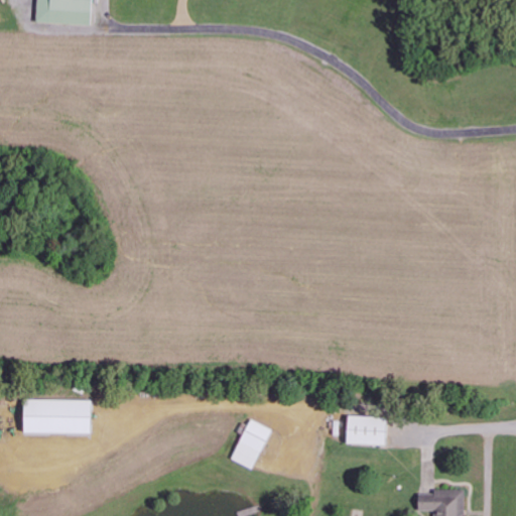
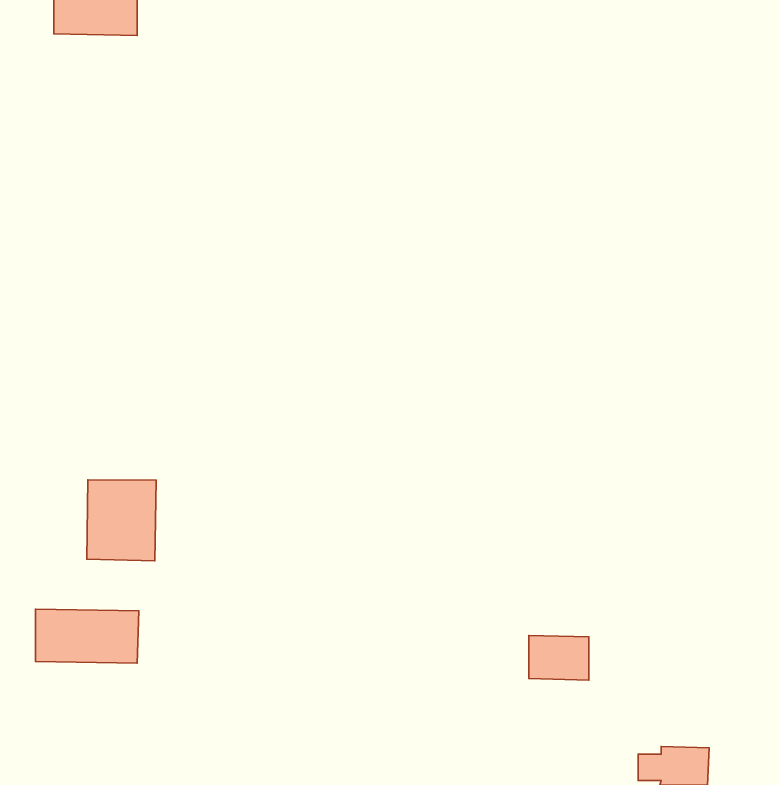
building: none -> [87,480,156,561]
building: [230,418,269,469] -> none

